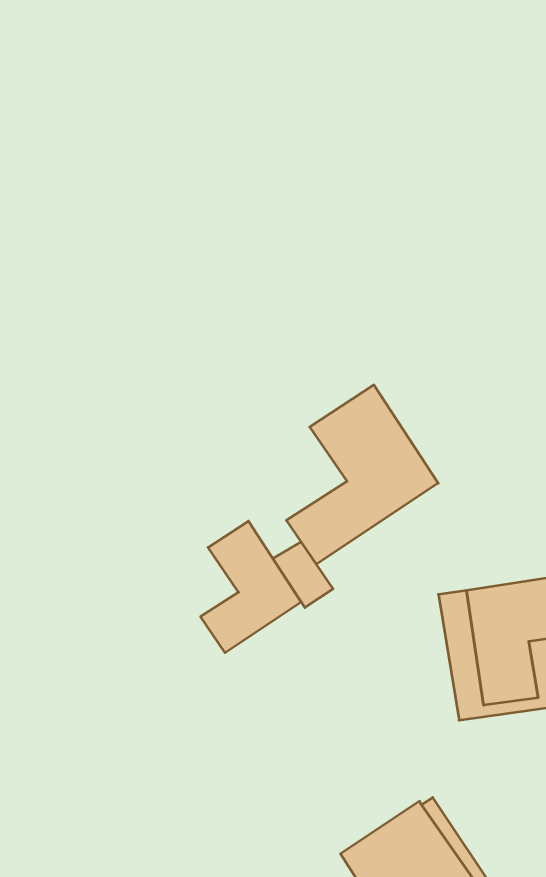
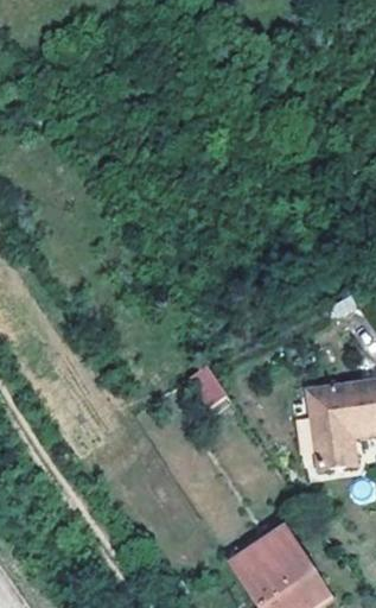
building: [286,385,438,564] -> none
building: [201,521,301,653] -> none

